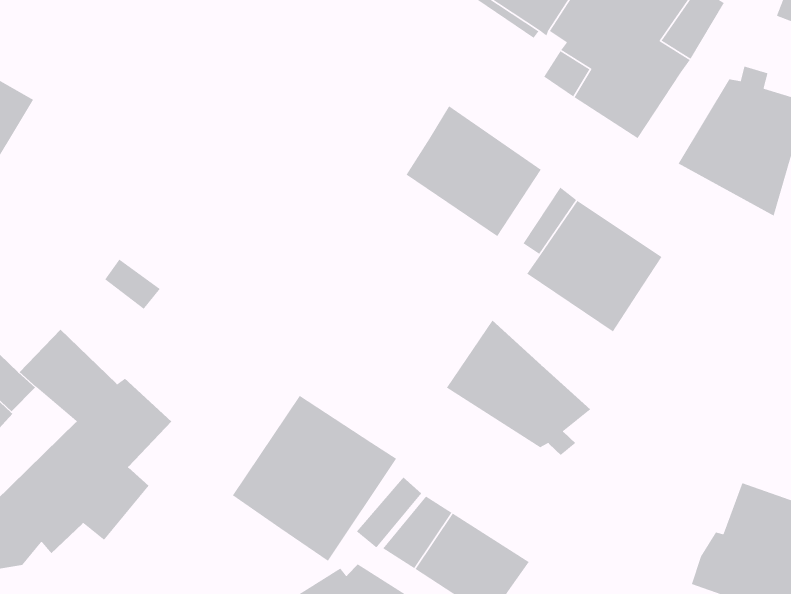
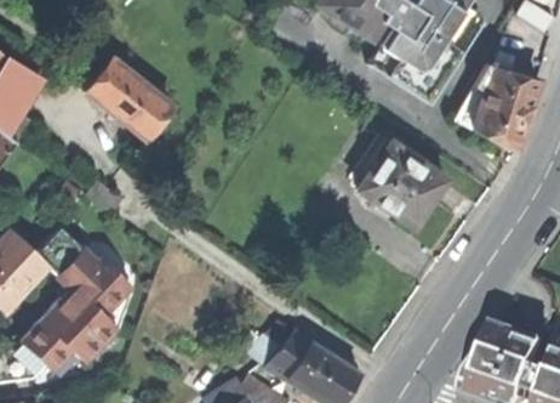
building: none -> [85,58,171,140]
building: [406,105,542,237] -> none
building: [446,319,591,456] -> none
building: [232,395,397,562] -> none

